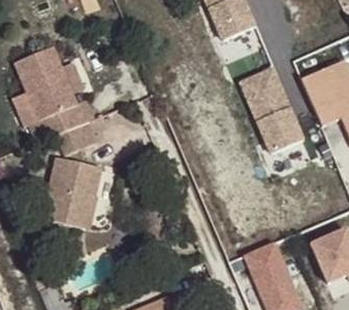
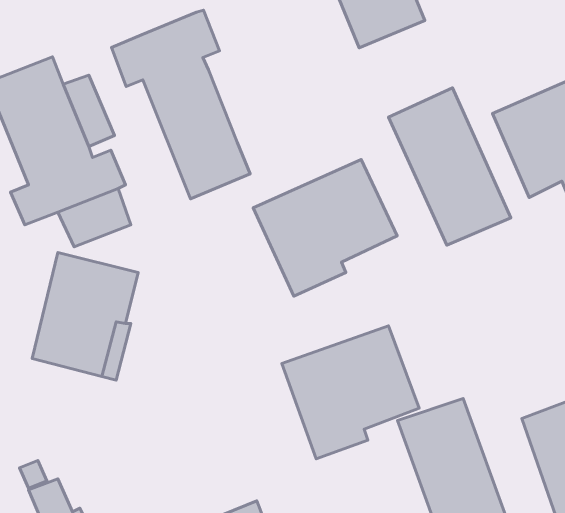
building: none -> [112,10,250,199]
building: none -> [253,160,397,296]
building: none -> [282,326,419,459]

